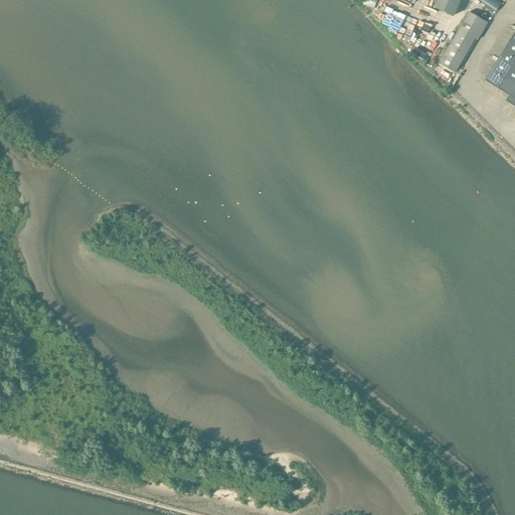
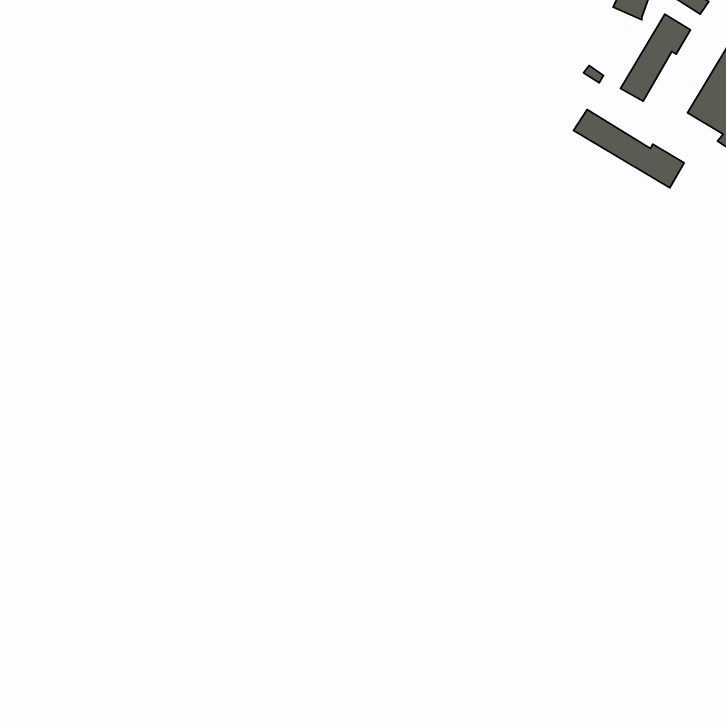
building: none -> [574,109,684,188]

